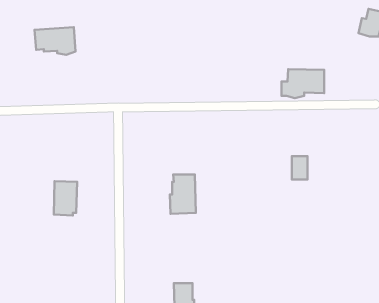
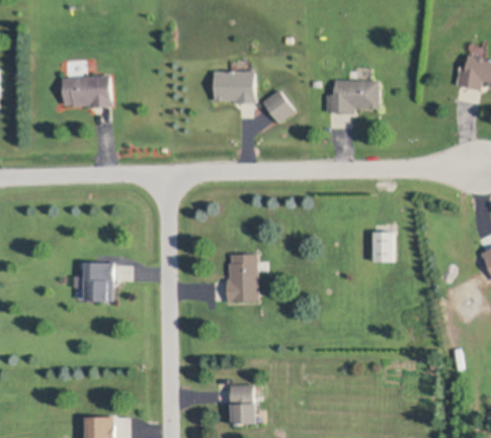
building: none -> [213,70,253,104]
building: none -> [262,91,293,123]
building: [282,69,324,98] -> [325,80,377,115]

